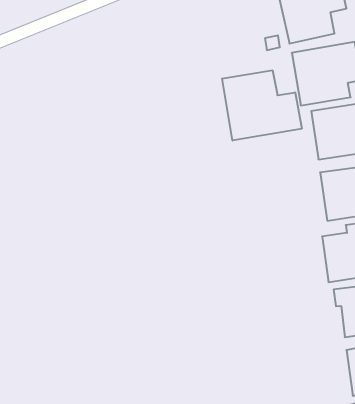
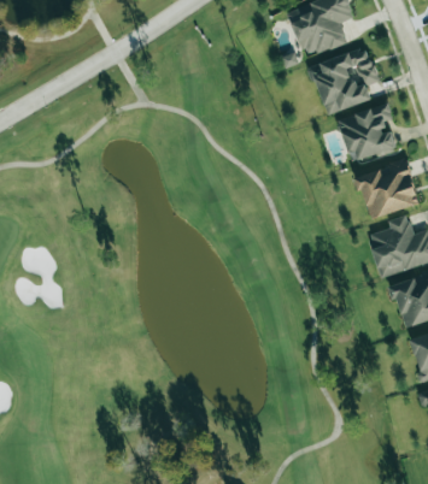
building: [222,70,302,141] -> none

